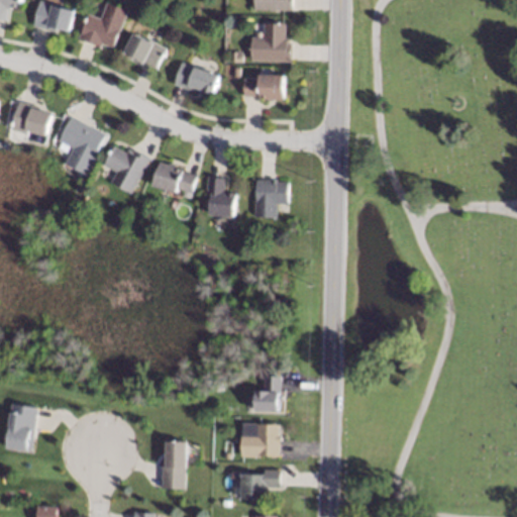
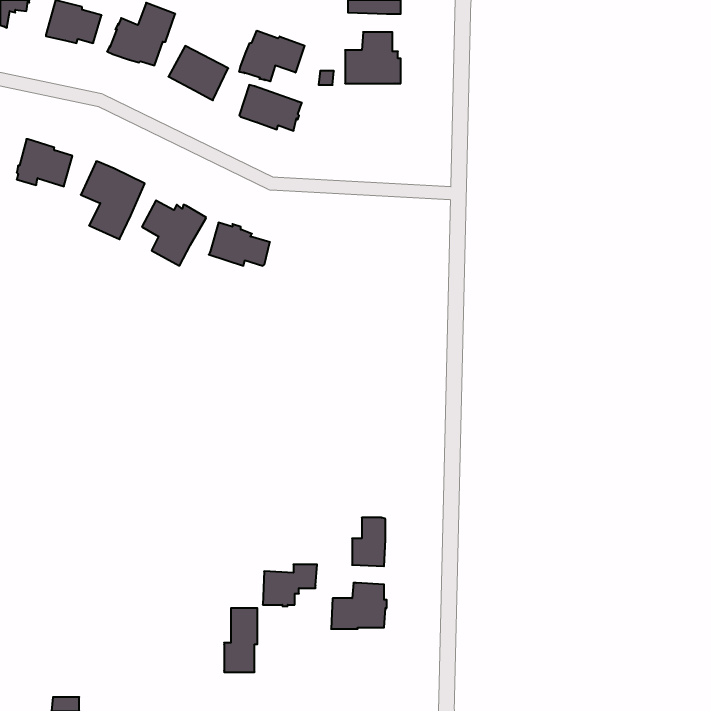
building: none -> [239,31,305,81]
building: [243,75,283,101] -> none
building: [207,177,235,216] -> none
building: [253,179,288,217] -> none
building: [7,404,37,451] -> none
building: [241,470,281,500] -> [263,564,317,606]

